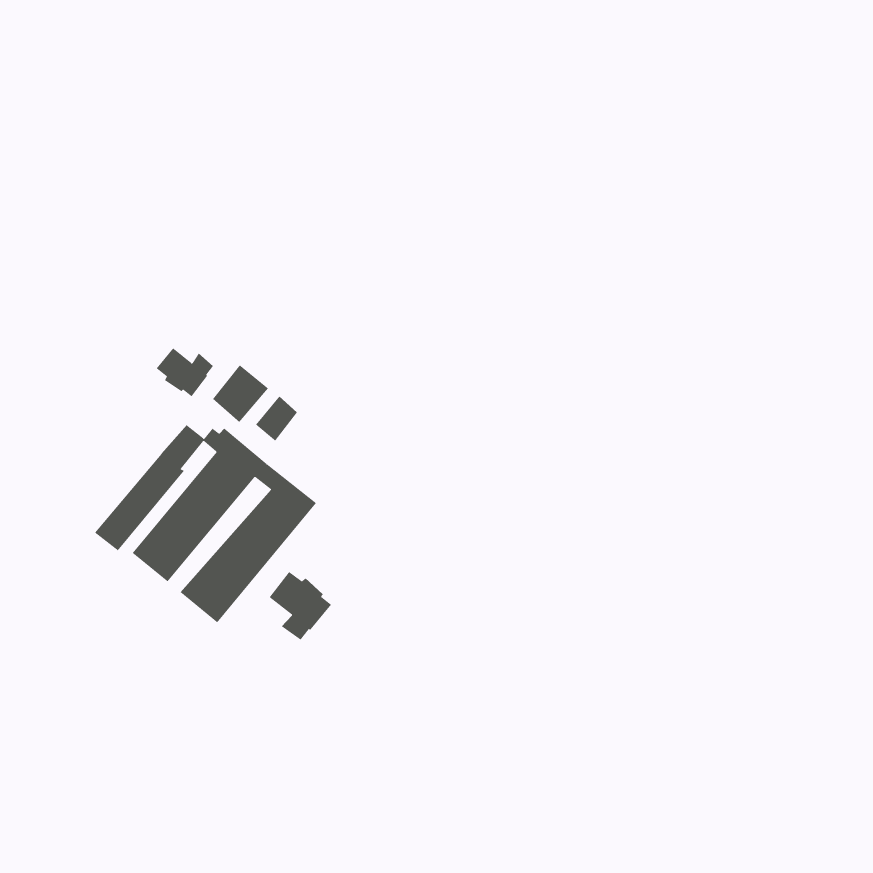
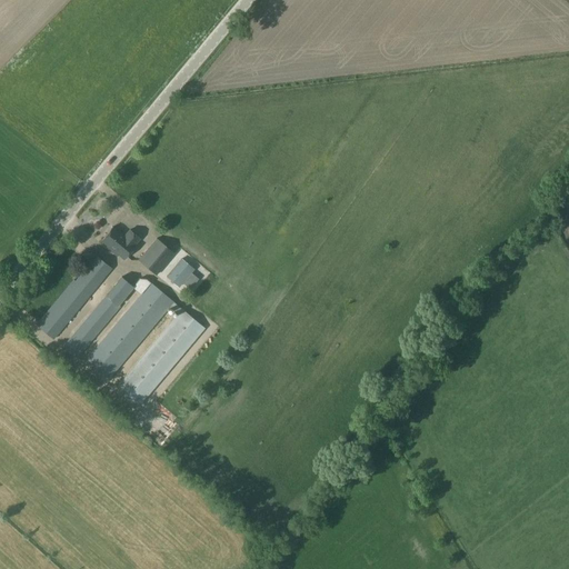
building: none -> [34,254,113,341]
building: [269,571,332,640] -> none

